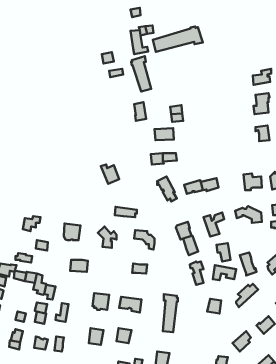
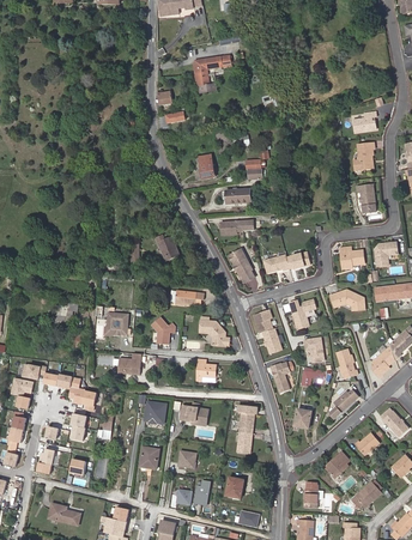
building: [153,27,203,52] -> none
building: [131,56,151,92] -> none

